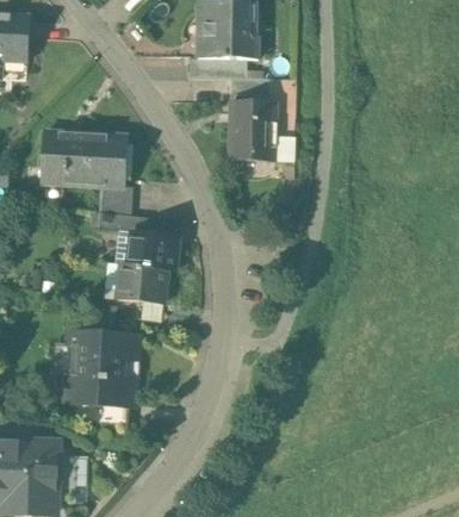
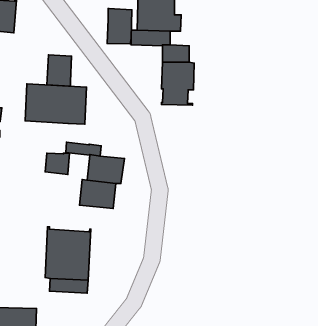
building: none -> [107,9,132,44]
building: none -> [47,55,71,86]
building: [98,185,131,214] -> [45,153,69,175]

